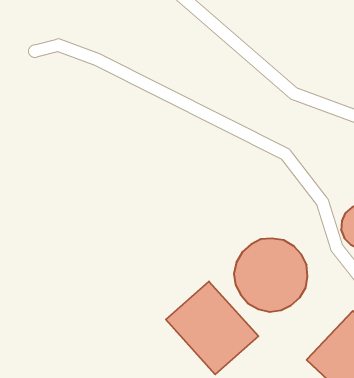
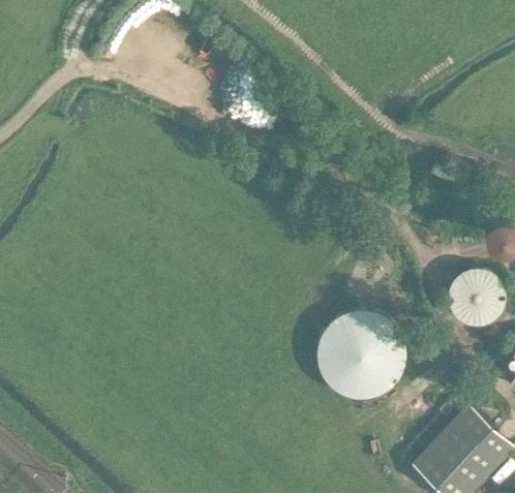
building: [166,281,258,374] -> none

